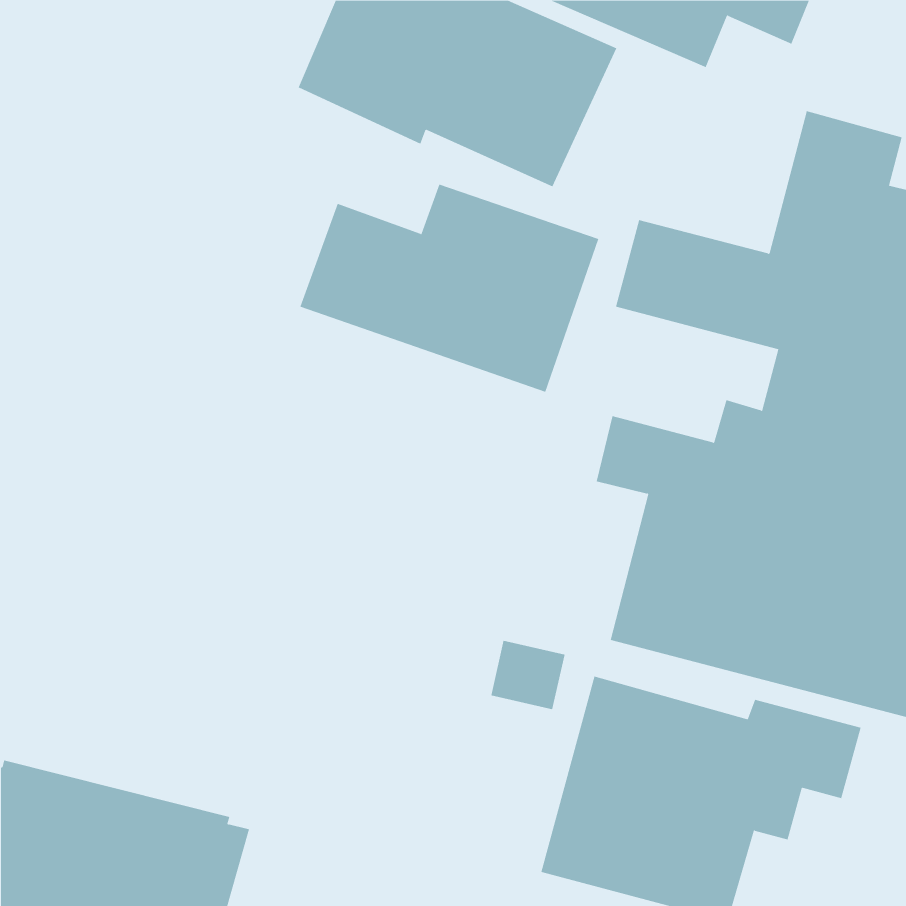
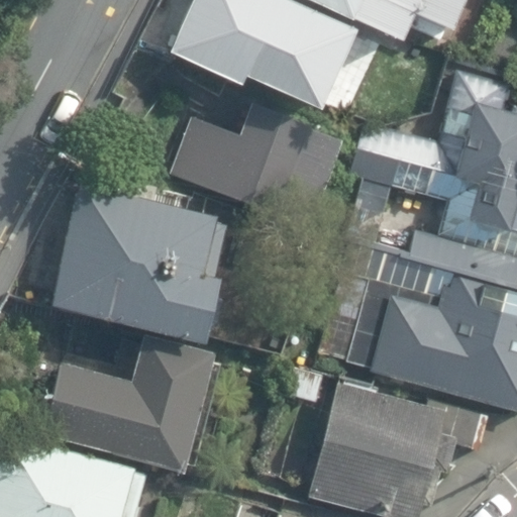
building: none -> [50,184,223,340]
building: none -> [43,335,213,469]

